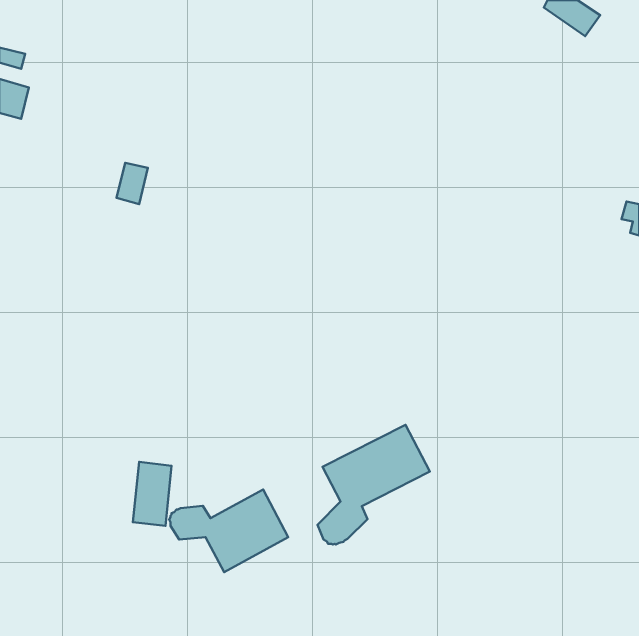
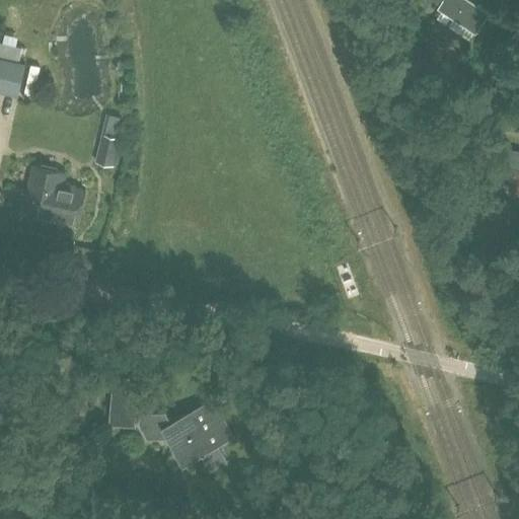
building: none -> [20,163,85,224]
building: [317,425,430,545] -> none

